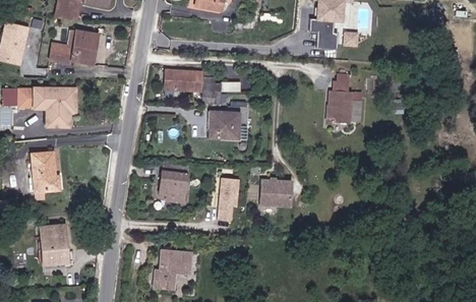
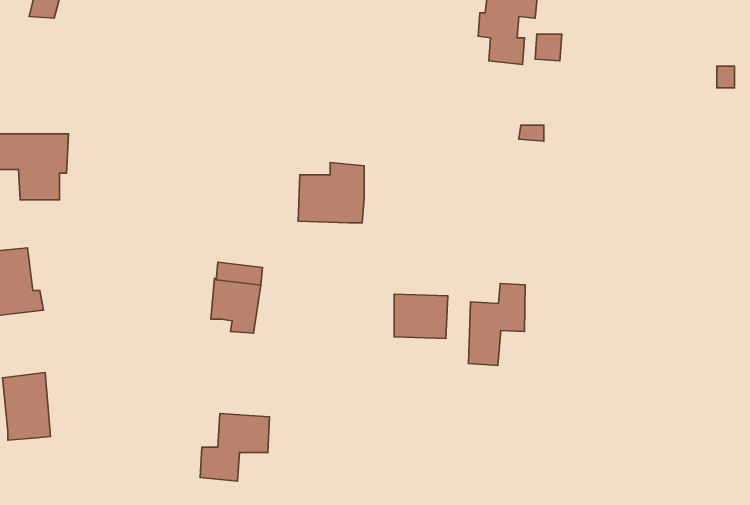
building: [48,27,100,64] -> none
building: [164,69,216,105] -> none
building: [330,98,363,123] -> none
building: none -> [469,284,525,365]
building: [217,176,236,222] -> none

